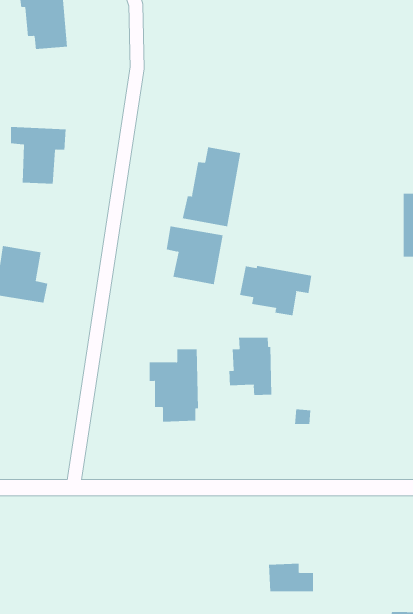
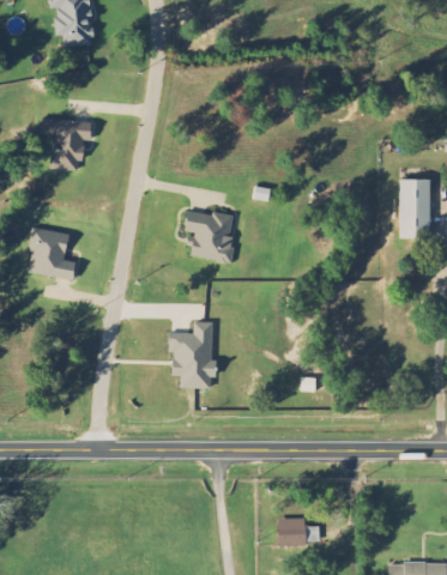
building: [182,147,241,227] -> none
building: [239,265,312,316] -> none
building: [229,337,272,396] -> none

